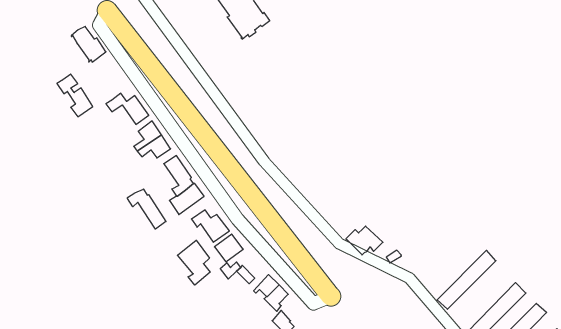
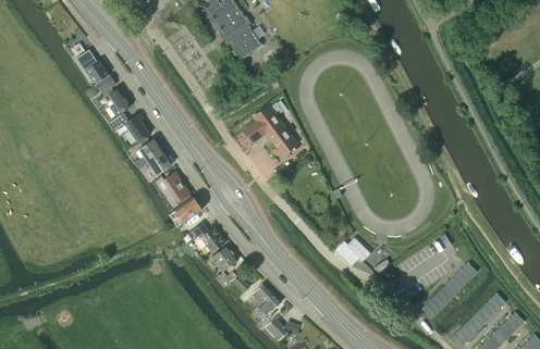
building: [57,74,93,117] -> [96,75,130,115]
building: none -> [243,105,297,155]
building: [127,189,166,229] -> none
building: [177,240,210,285] -> none

